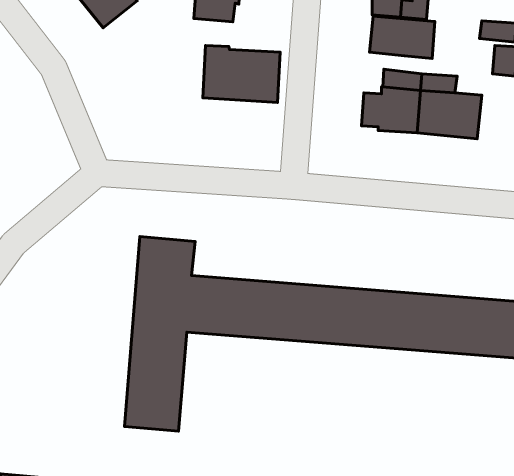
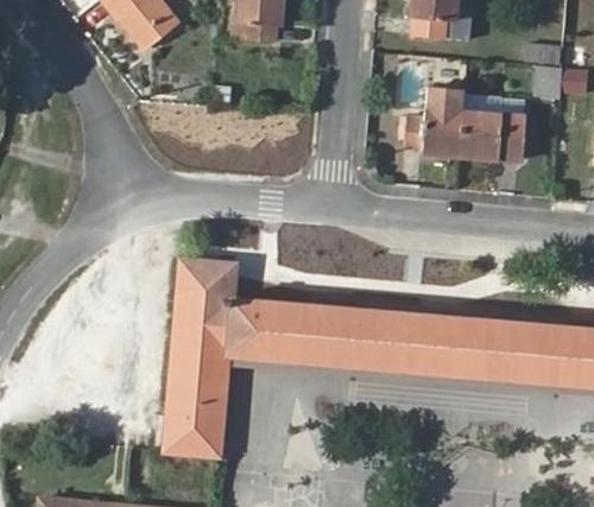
building: [370,16,435,58] -> none
building: [203,46,280,103] -> none

